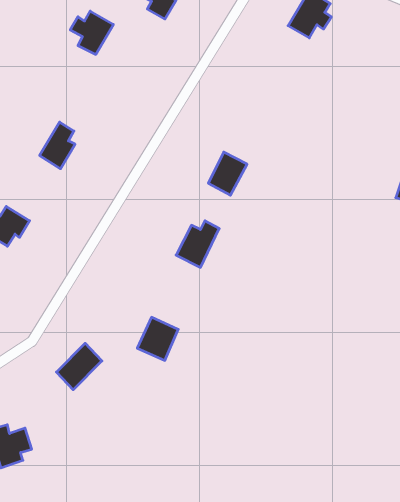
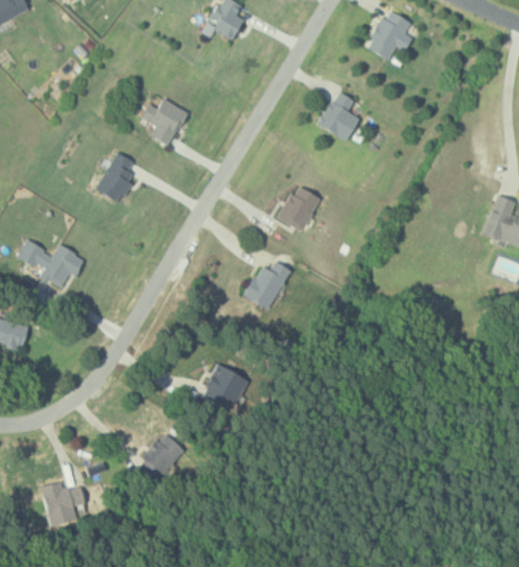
building: [70,11,113,54] -> [141,98,188,145]
building: none -> [317,89,358,141]
building: [56,343,102,390] -> [135,433,185,484]

